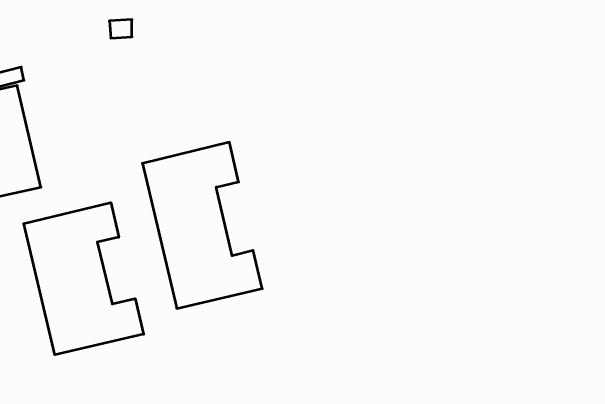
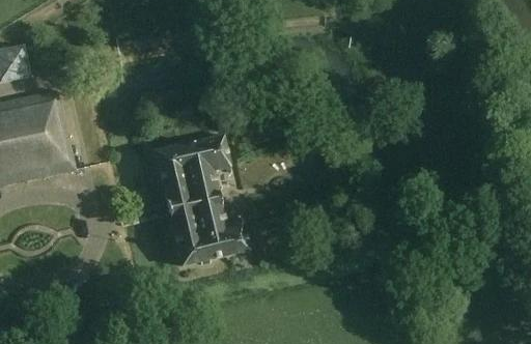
building: [24,203,144,355] -> none

